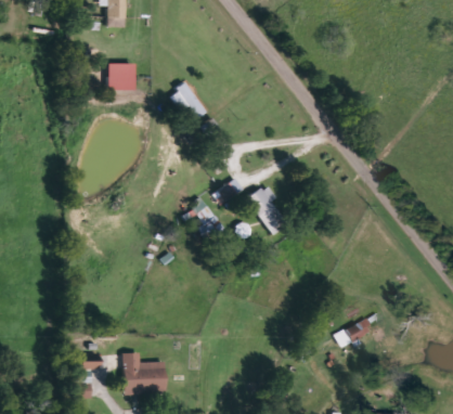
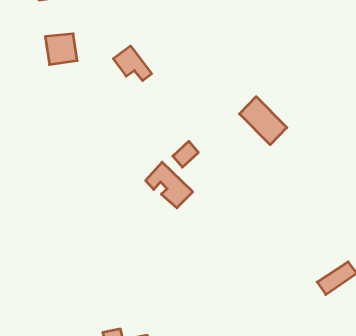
building: [246,185,289,233] -> [239,97,287,145]

